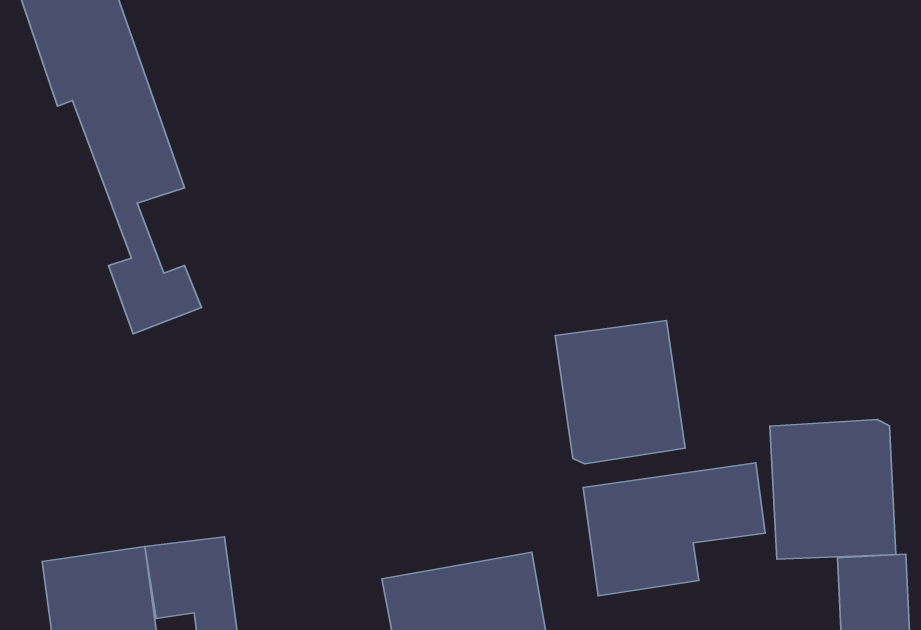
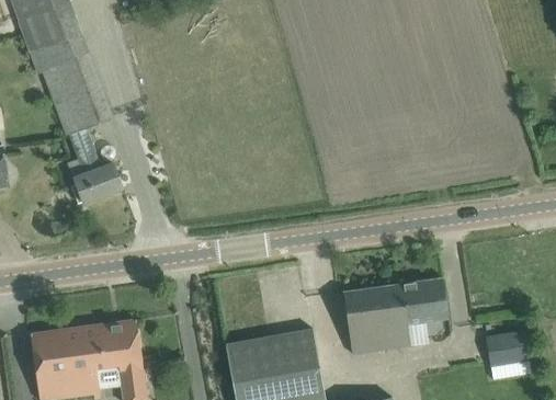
building: [555,321,685,464] -> none
building: [770,419,896,559] -> none

